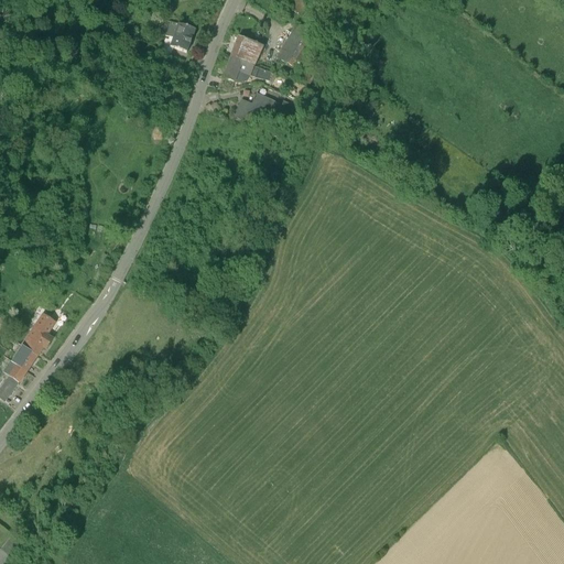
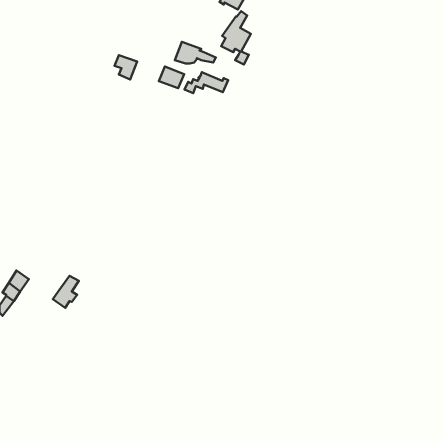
building: [165,20,194,51] -> [115,55,137,80]
building: [230,34,262,62] -> [159,66,184,88]
building: [21,313,54,354] -> [53,276,79,308]

